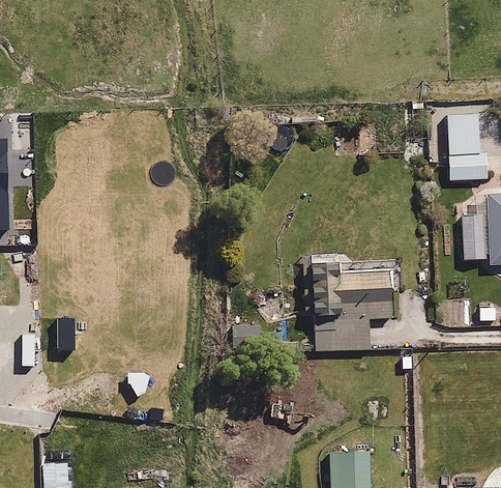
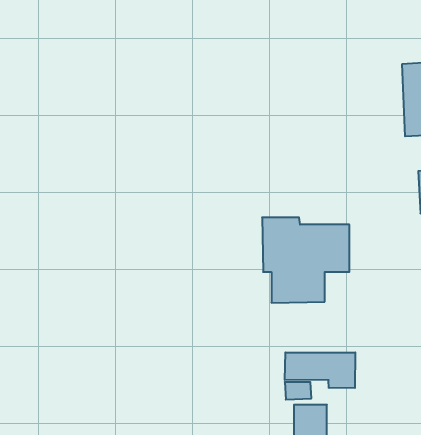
building: none -> [285,352,355,388]

